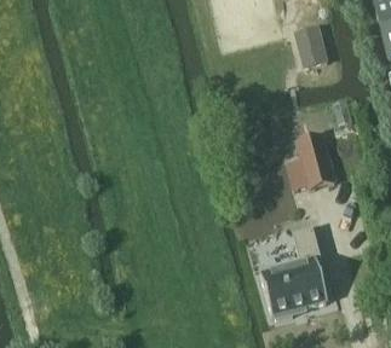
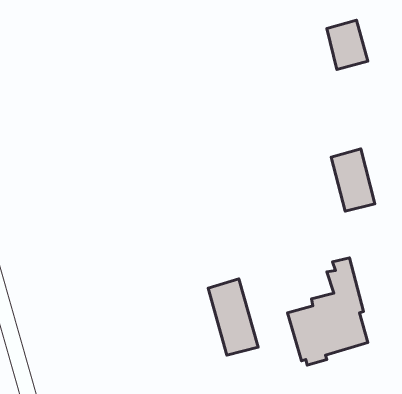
building: none -> [208,279,258,355]

